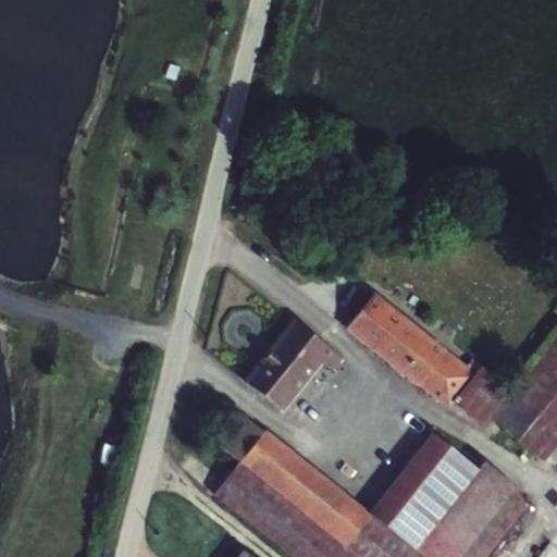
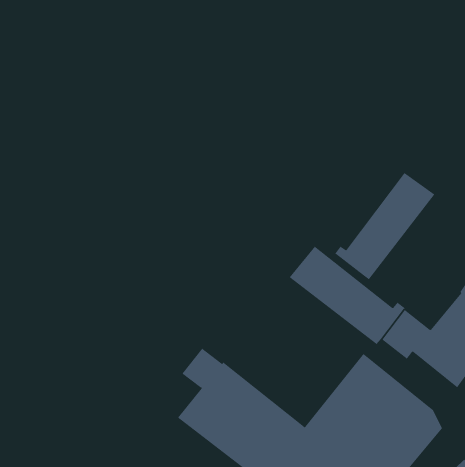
building: none -> [334,172,435,280]
building: [247,320,346,413] -> none

